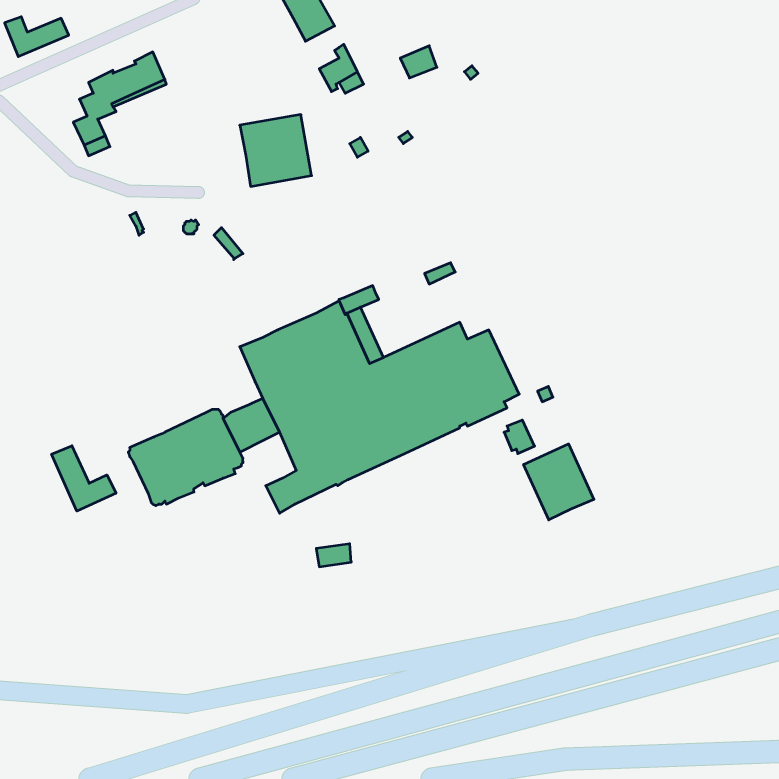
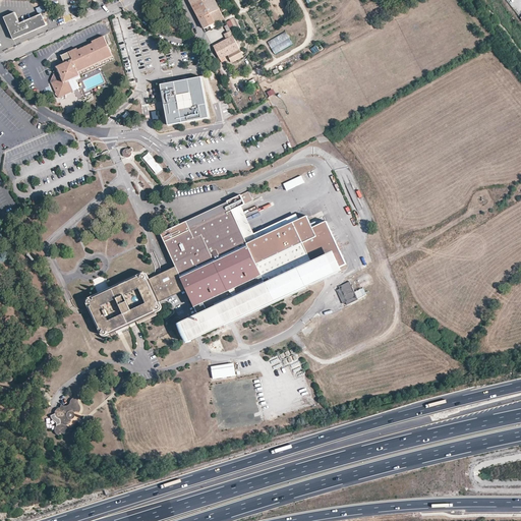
building: [524,444,594,520] -> none
building: [52,446,116,511] -> none
building: none -> [50,396,79,435]

